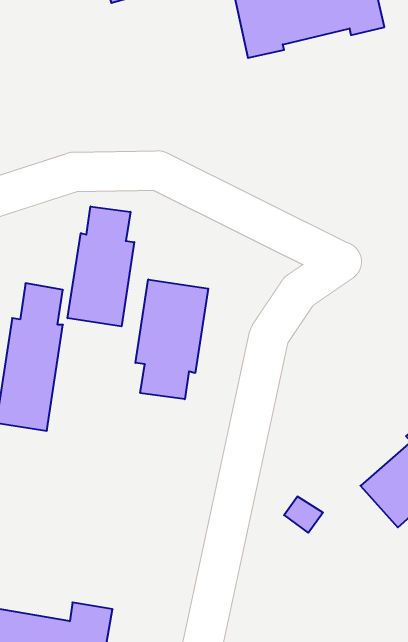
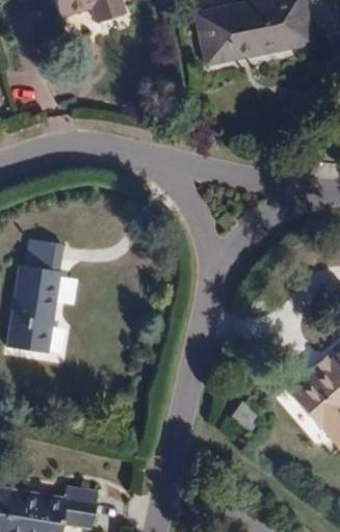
building: [68,206,134,326] -> none
building: [135,279,208,399] -> none

